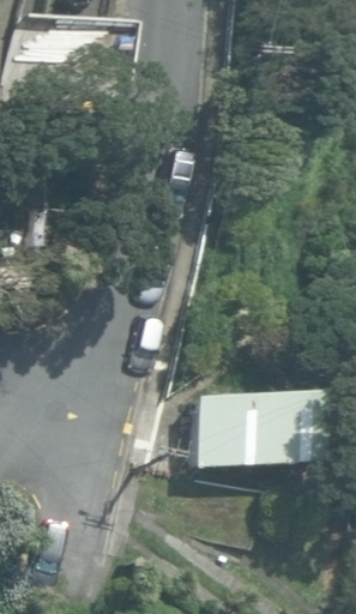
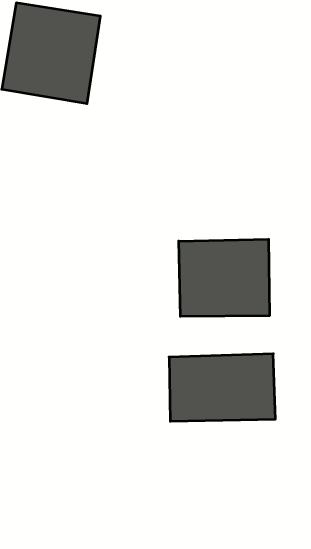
building: none -> [179,239,269,316]

